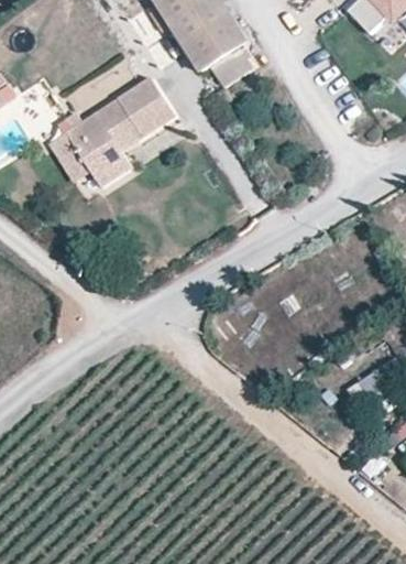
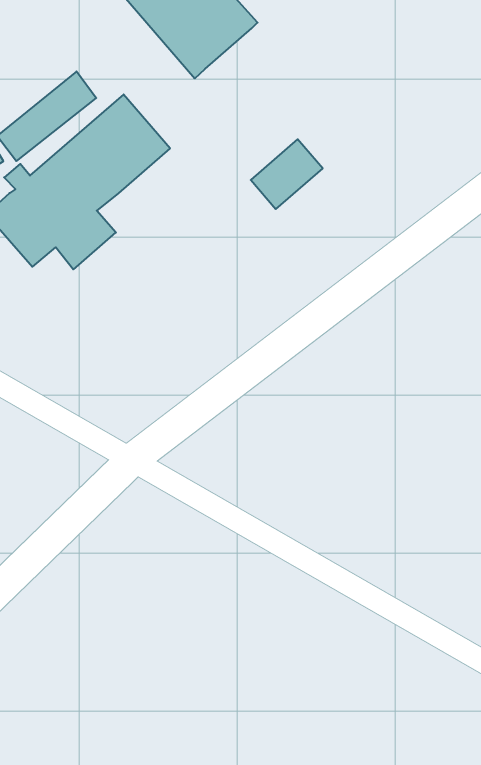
building: [207,42,256,87] -> [251,139,323,209]

